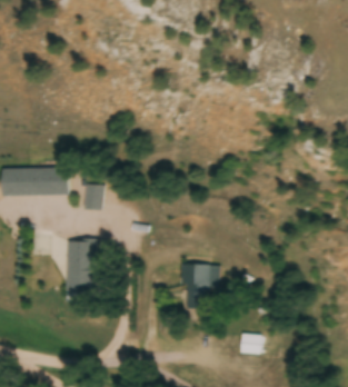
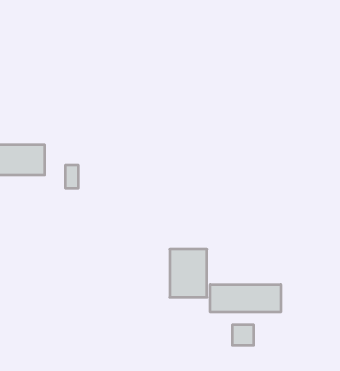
building: [67,239,96,297] -> none
building: none -> [210,284,281,312]

